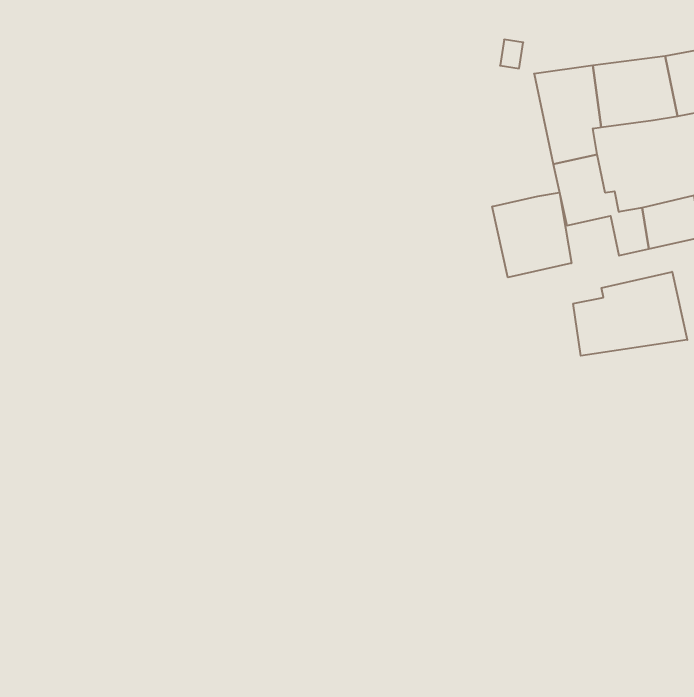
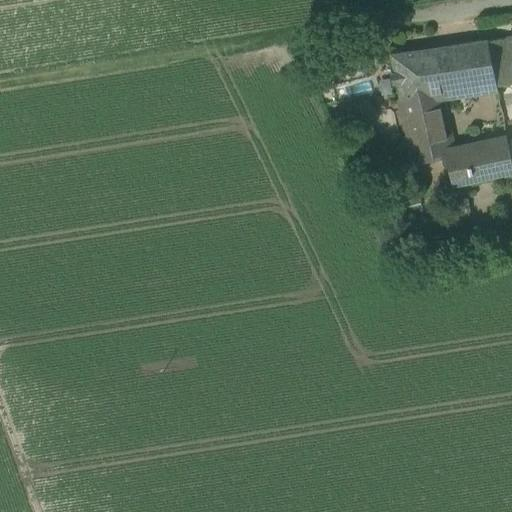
building: [492,192,571,277] -> none
building: [573,272,687,356] -> none

